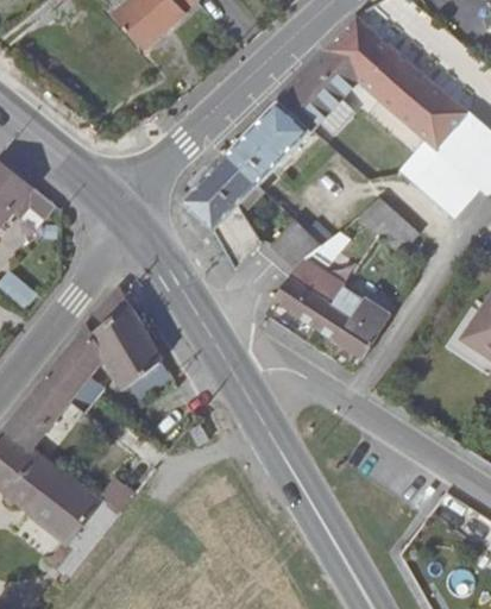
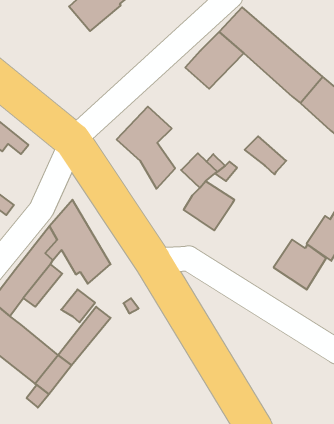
building: [225,100,310,186] -> none
building: [403,140,480,216] -> none
building: [317,289,391,359] -> [274,240,326,290]
building: none -> [61,289,95,322]

